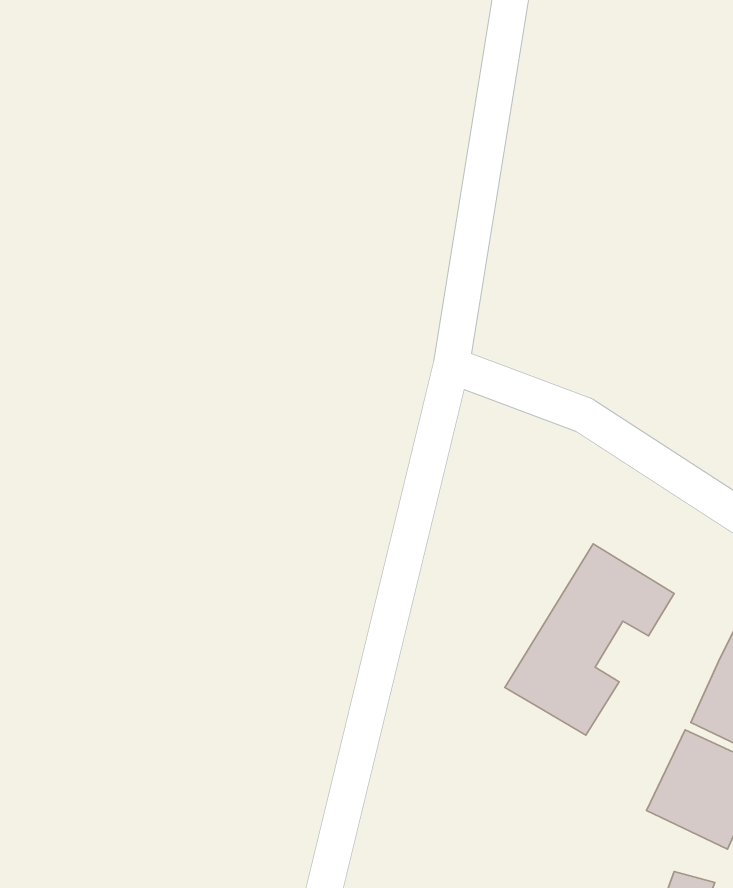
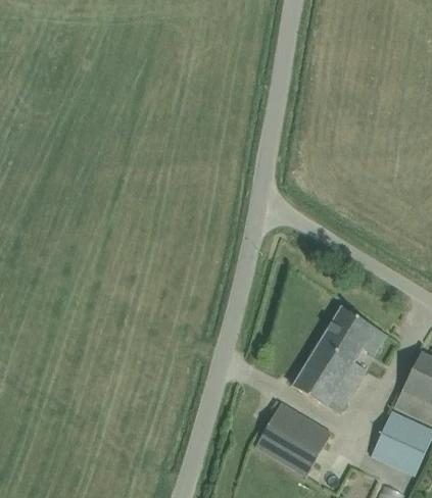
building: none -> [256,402,331,475]

